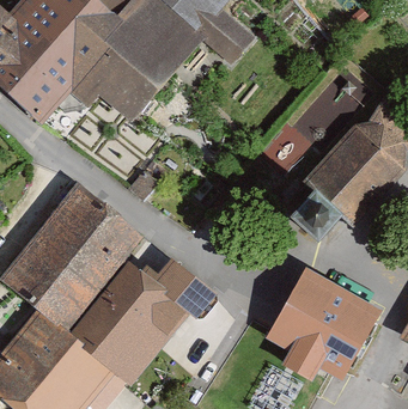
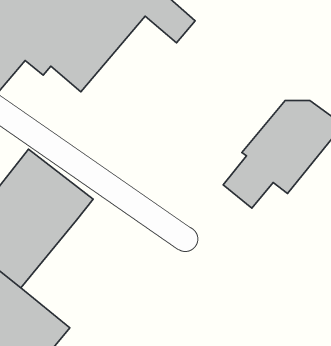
building: [65,258,214,385] -> none
building: [267,270,378,379] -> none

